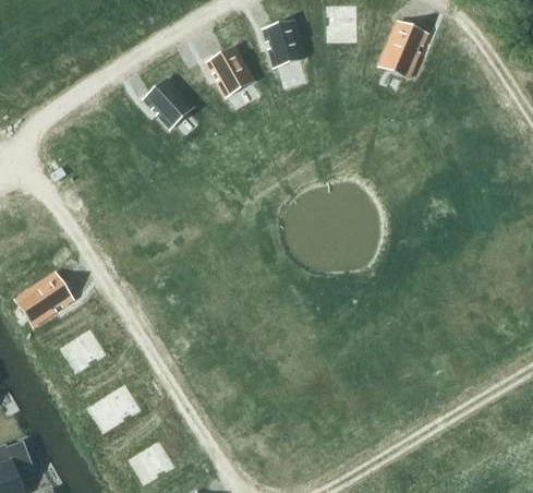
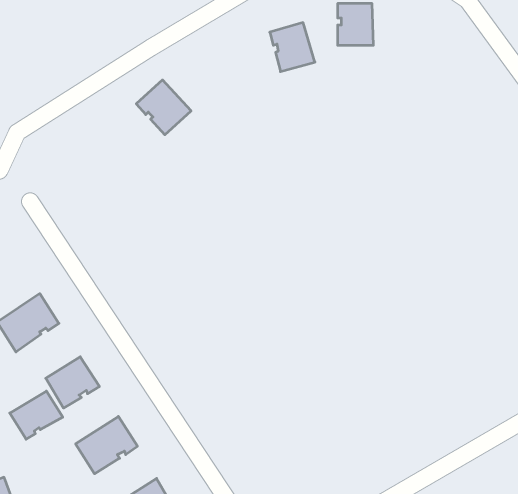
building: [378,21,426,76] -> none
building: [206,46,253,95] -> none
building: none -> [10,391,63,439]

